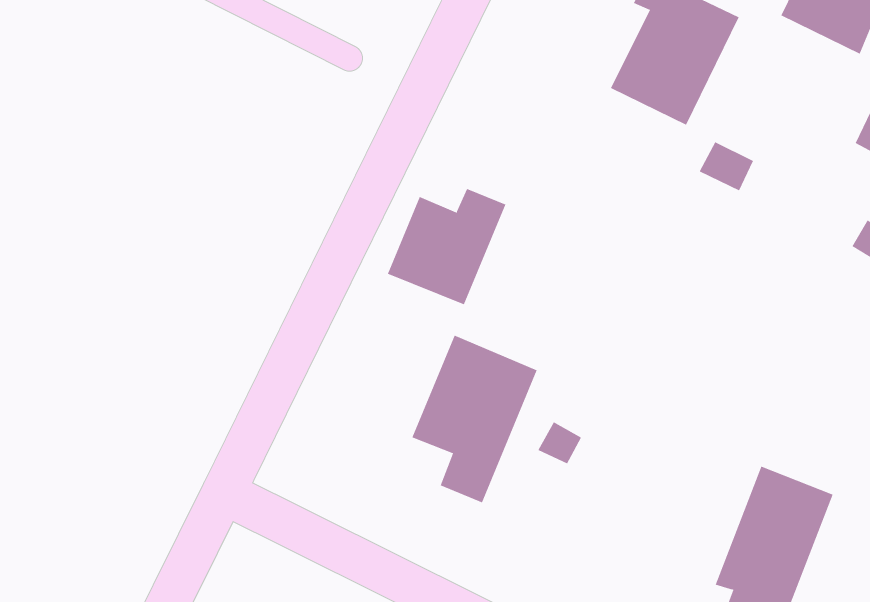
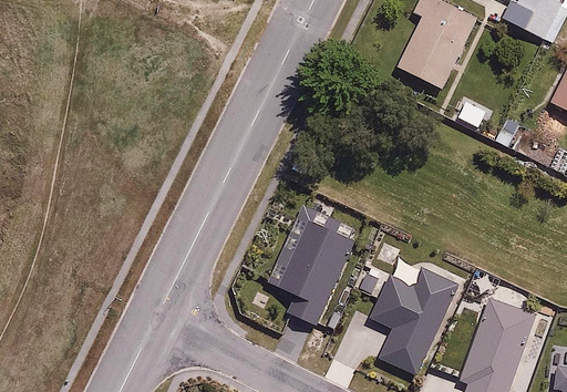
building: [387,188,506,305] -> none
building: none -> [371,268,461,374]

